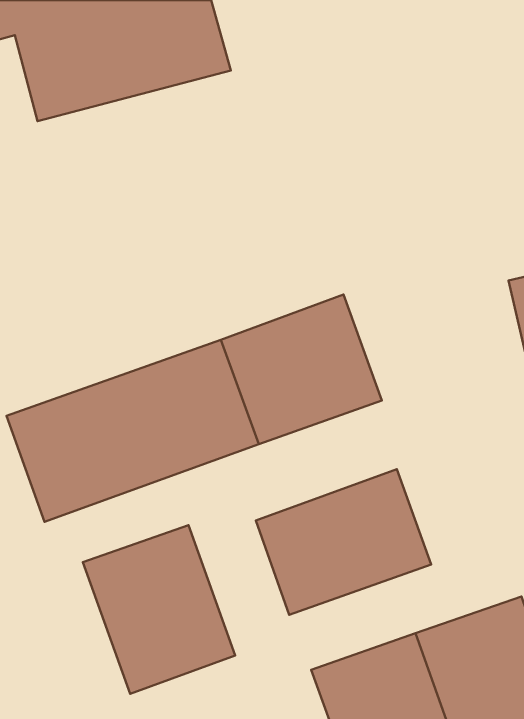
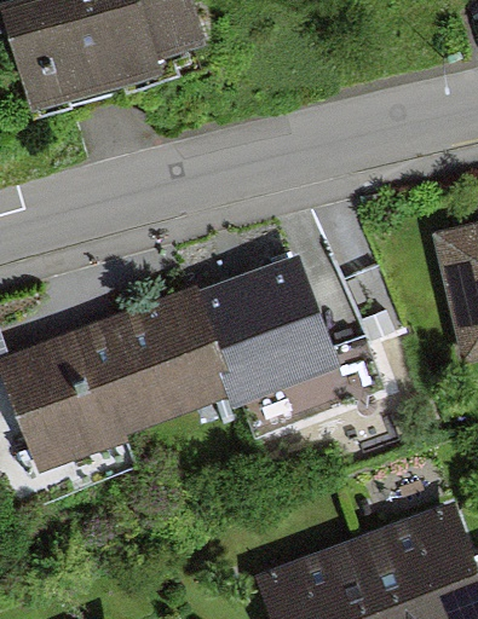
building: [256,469,431,615] -> none
building: [83,525,235,694] -> none

